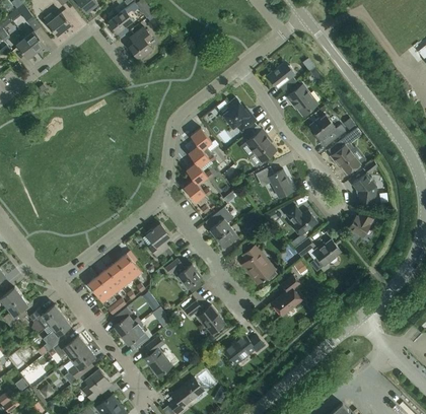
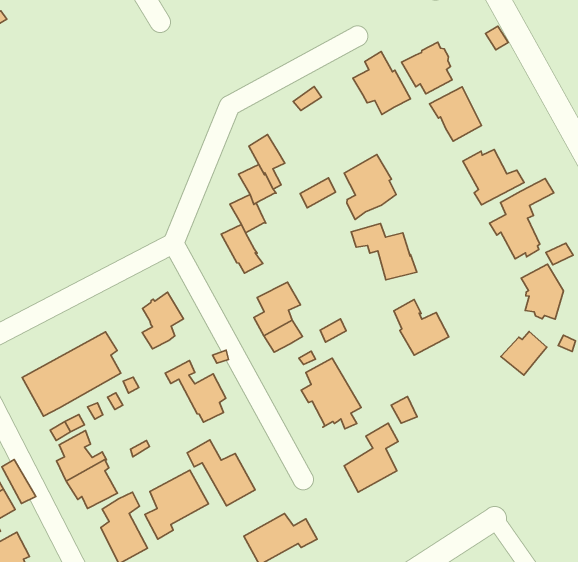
building: [222,97,256,132] -> [353,51,410,114]
building: [295,238,341,265] -> none
building: none -> [145,470,208,539]

